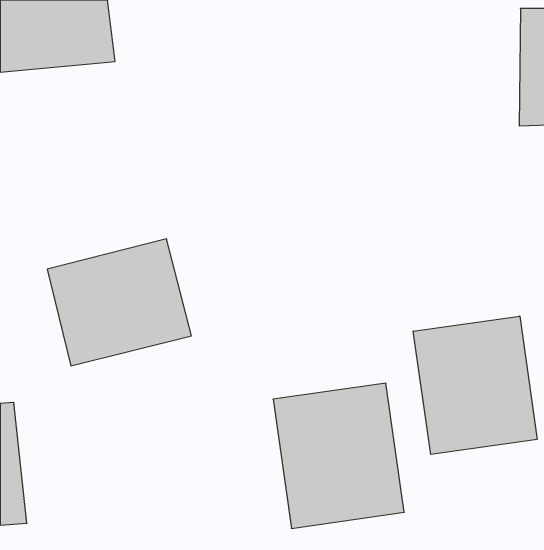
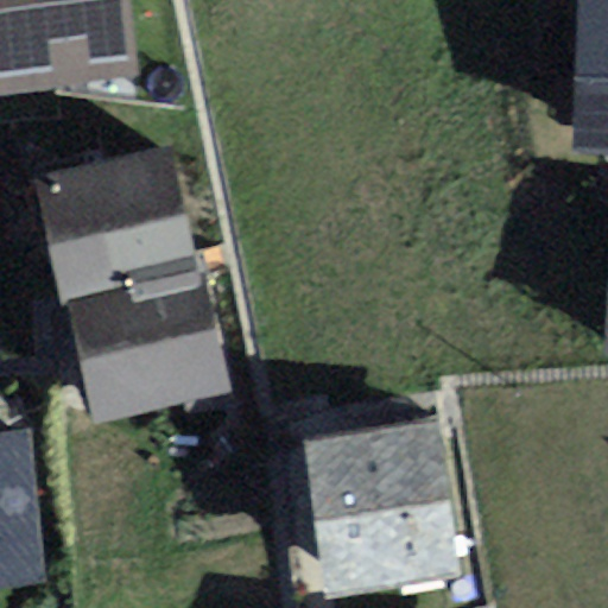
building: none -> [31,158,190,297]
building: [413,316,537,454] -> none

